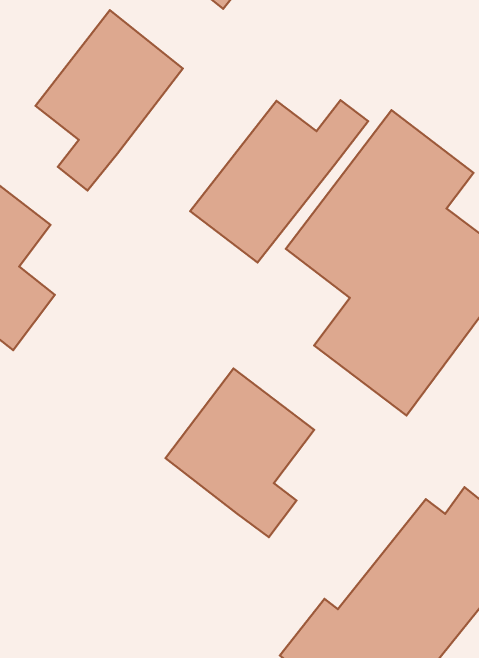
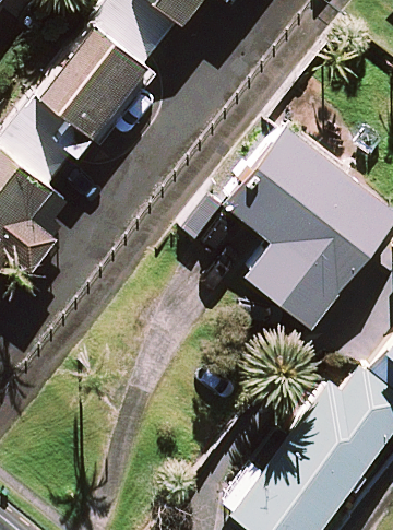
building: [190,100,368,263] -> none
building: [166,368,314,537] -> none

